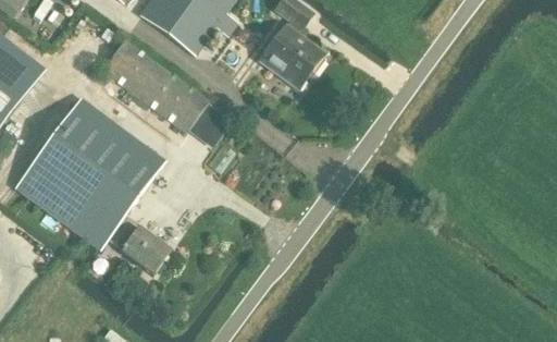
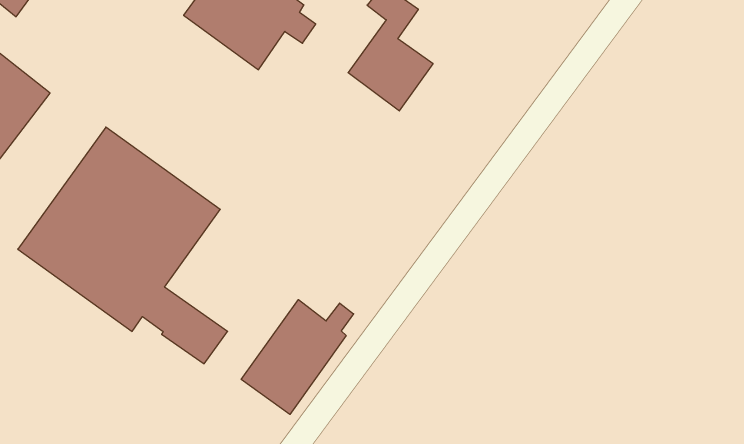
building: [101,37,212,130] -> none
building: none -> [241,300,354,414]

